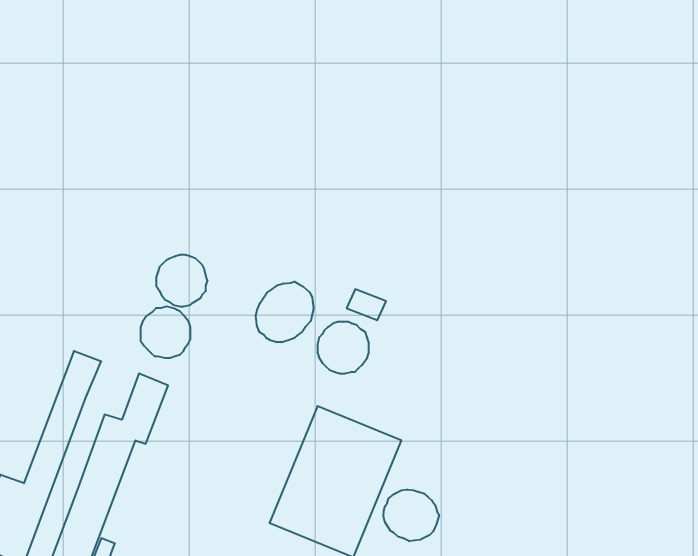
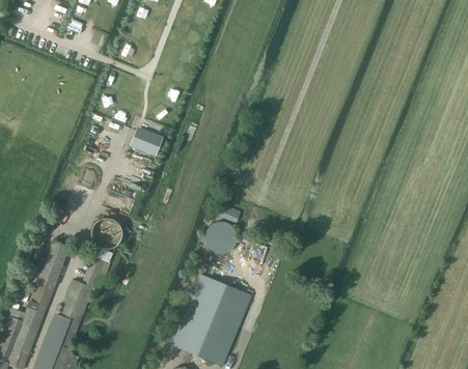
building: none -> [130,130,161,155]
building: [256,282,313,342] -> none
building: [384,489,439,541] -> none

